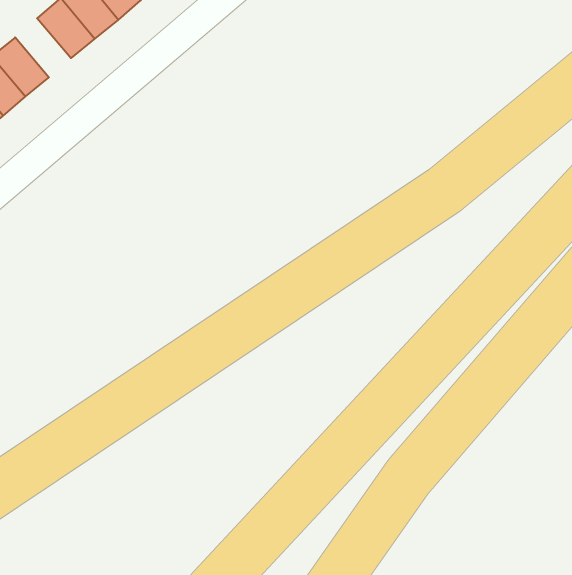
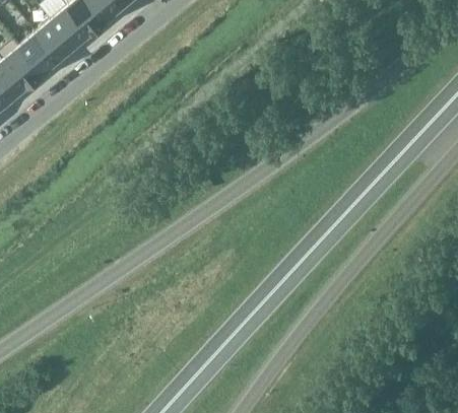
building: none -> [34,22,72,63]

